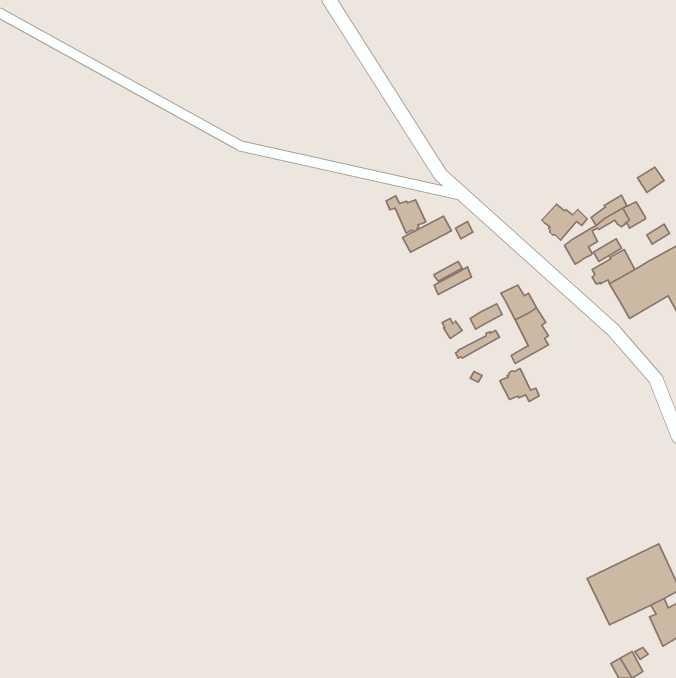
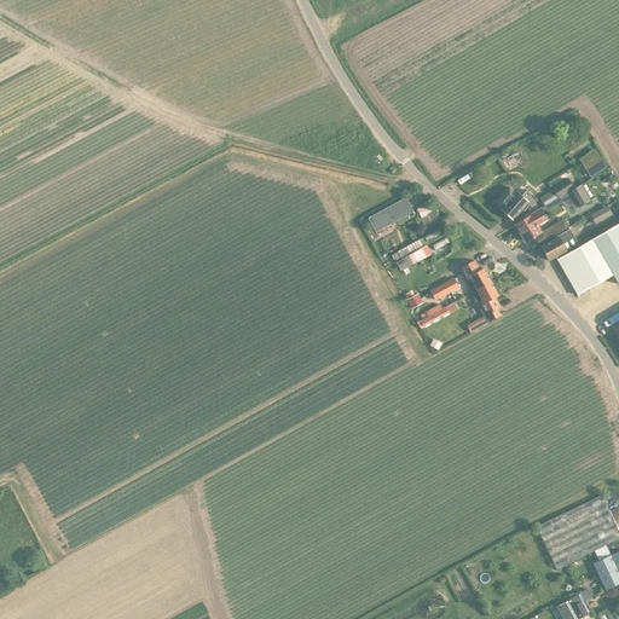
building: [386,196,426,233] -> none
building: [500,368,539,401] -> none

